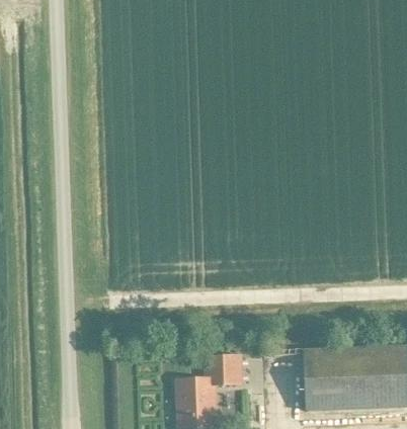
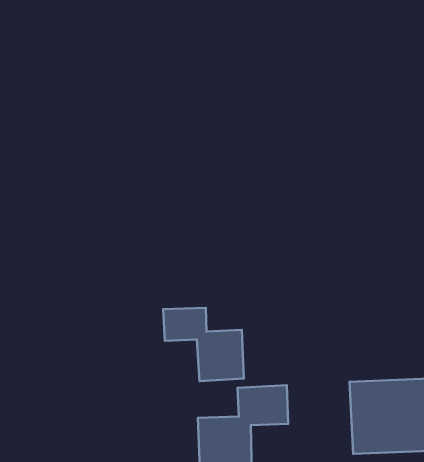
building: none -> [163,308,244,381]

